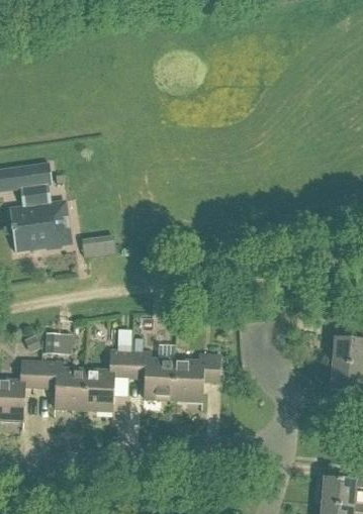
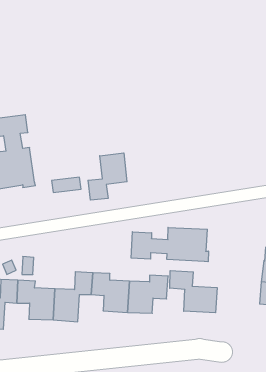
building: none -> [88,153,127,200]
building: none -> [131,227,208,262]
building: none -> [170,271,217,313]

